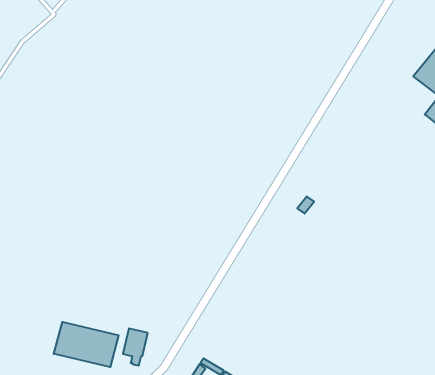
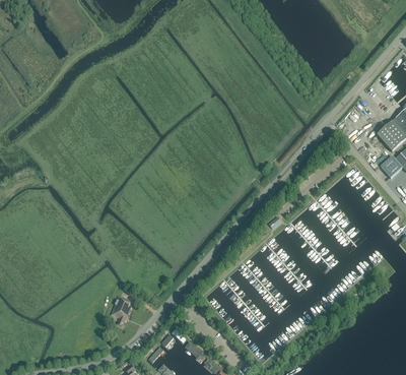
building: [54,322,119,367] -> none

